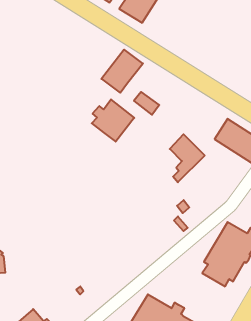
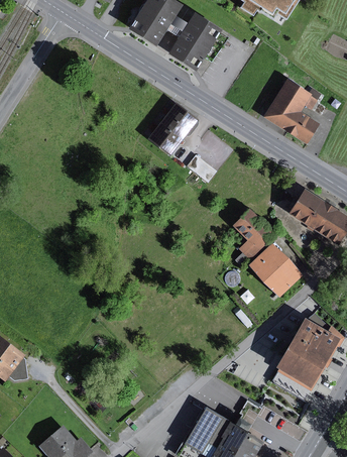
building: none -> [261,80,321,145]
building: [92,99,134,142] -> none
building: none -> [247,243,303,299]

